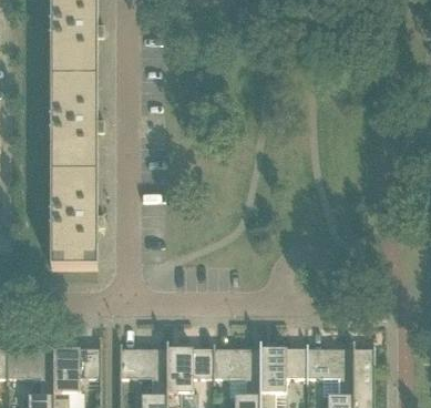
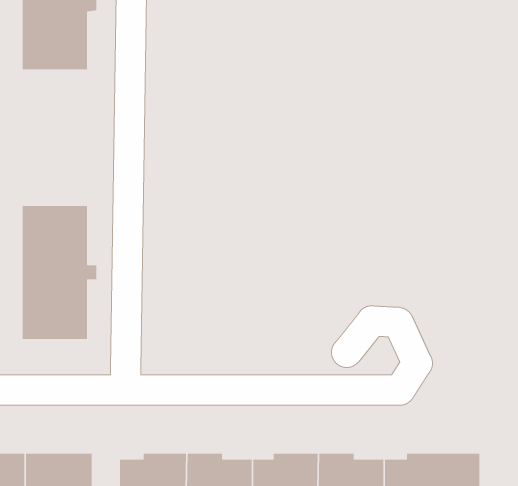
building: [50,78,103,173] -> none

